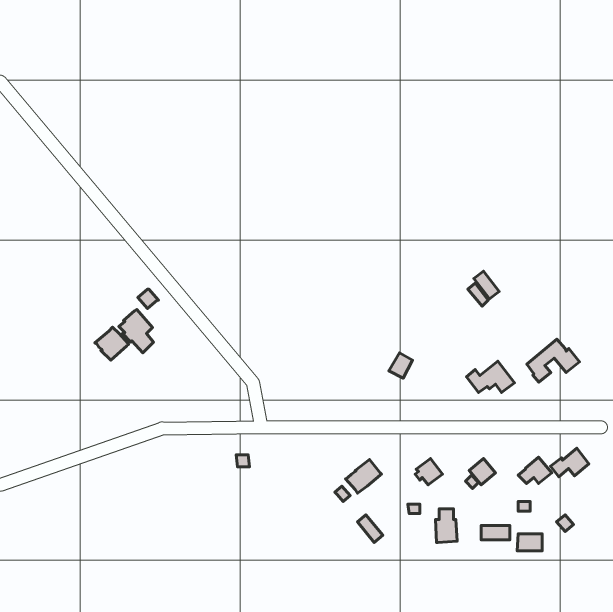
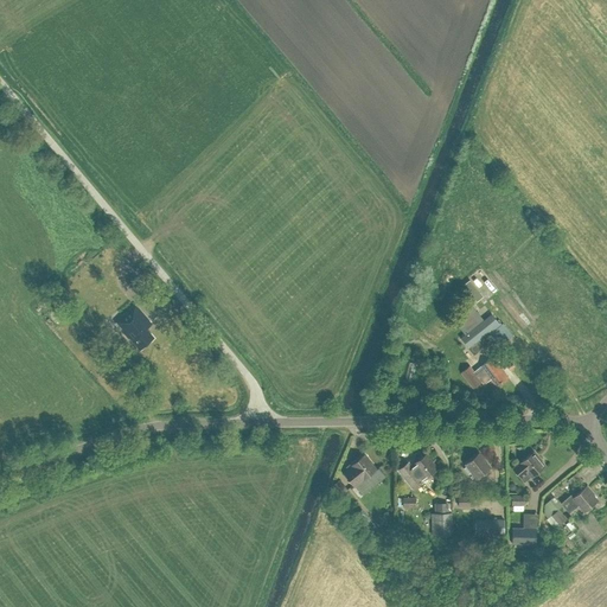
building: [95,327,128,360] -> none
building: [527,339,579,382] -> [461,314,513,357]
building: [551,448,589,477] -> [561,486,599,515]

